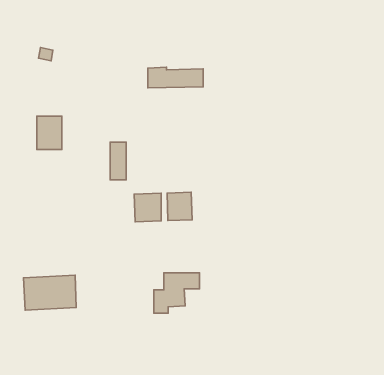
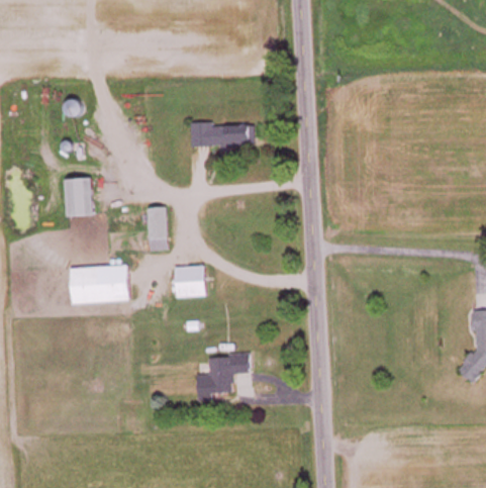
building: [167,192,192,220] -> none
building: [23,275,76,310] -> [70,265,129,304]

